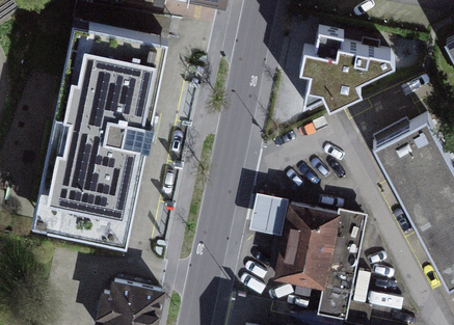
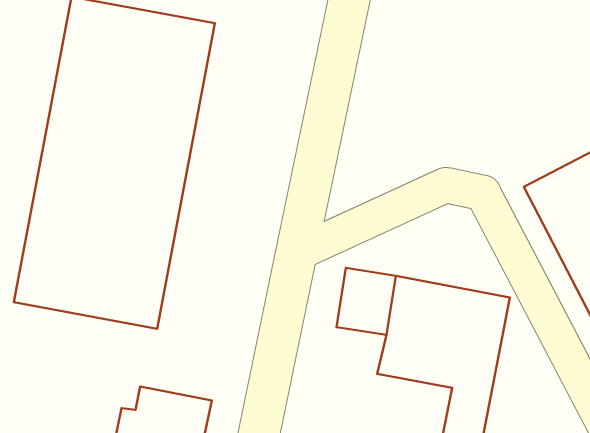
building: [299,29,394,105] -> none

